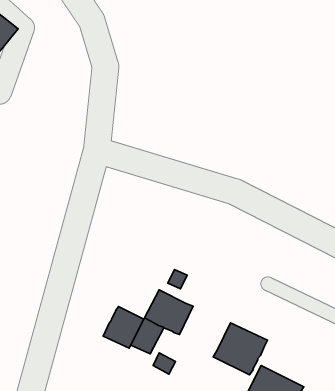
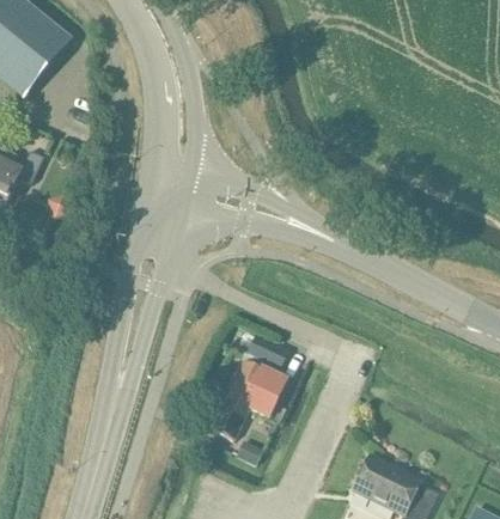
building: [103,307,144,348] -> none
building: [213,323,267,375] -> none

